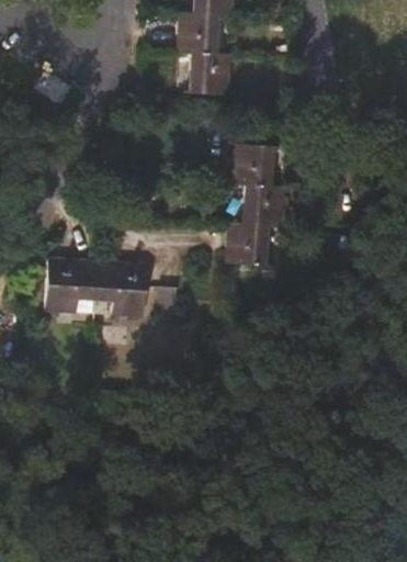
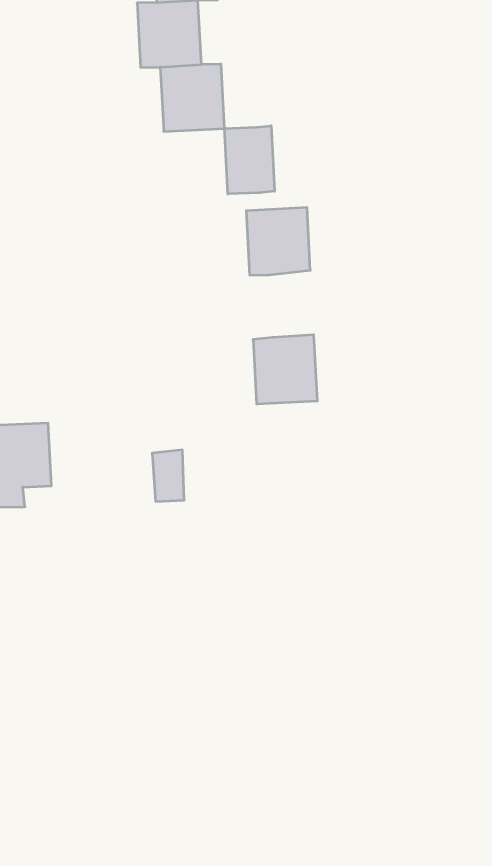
building: none -> [225,126,274,194]
building: [242,186,282,226] -> none
building: [98,261,149,314] -> none

